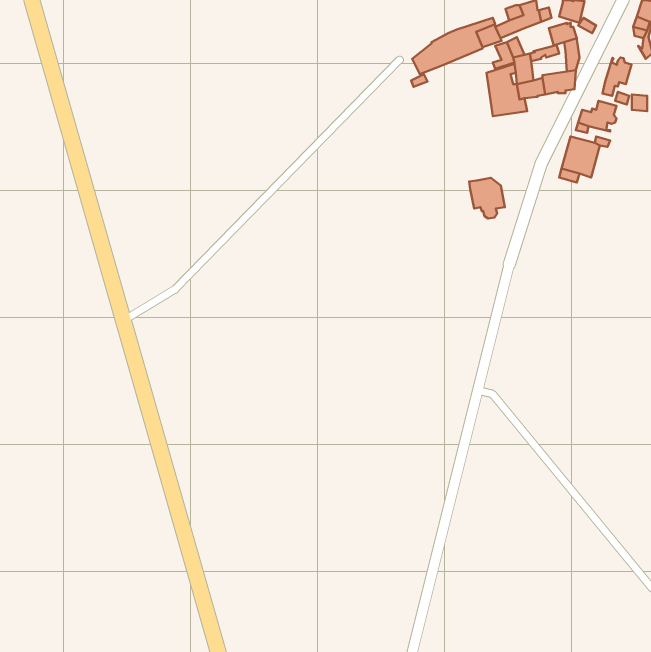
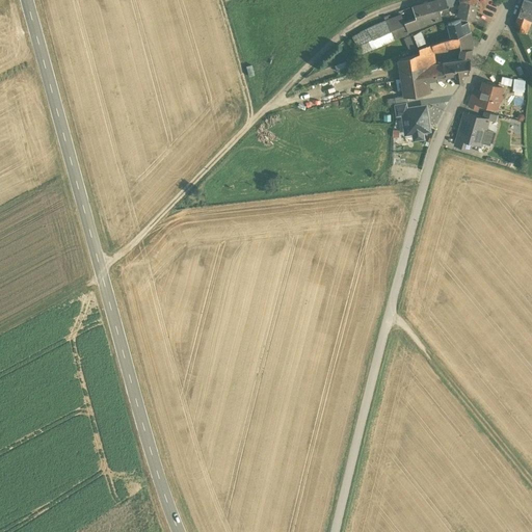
building: [602,57,631,96] -> none
building: [469,178,505,219] -> [401,106,430,139]

